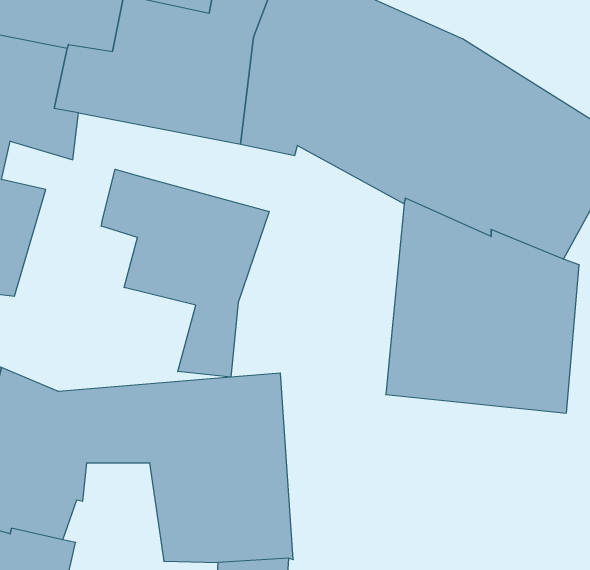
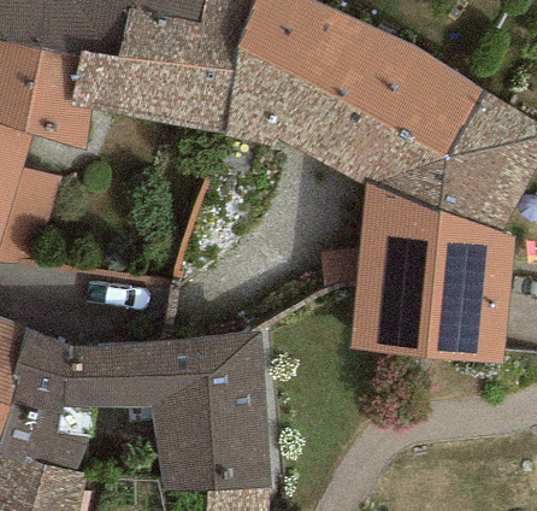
building: [101,169,269,377] -> none

